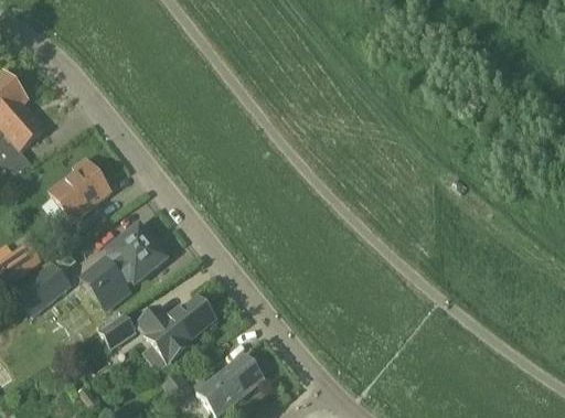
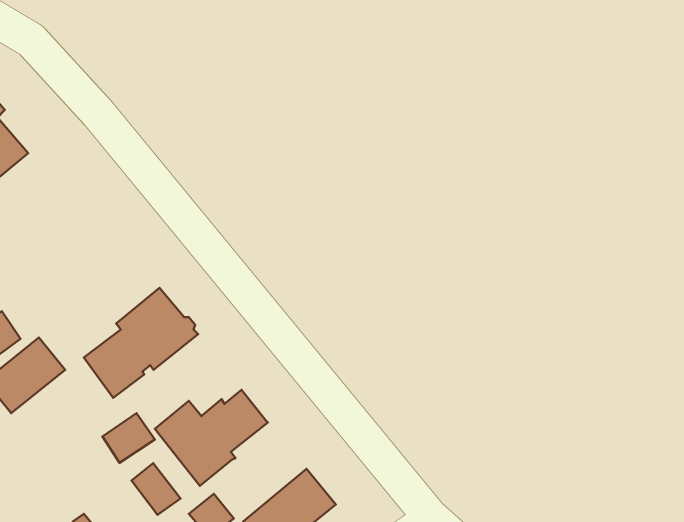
building: [46,157,110,221] -> none
building: none -> [131,463,181,515]

